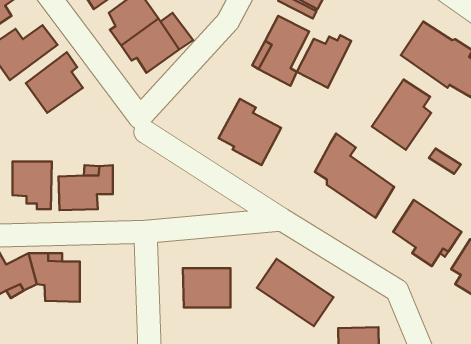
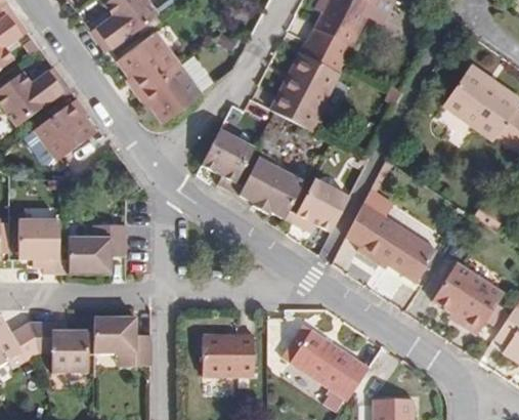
building: [297,35,351,88] -> none
building: none -> [207,128,261,191]
building: [372,79,431,150] -> none
building: none -> [297,179,352,234]
building: none -> [93,316,148,364]

